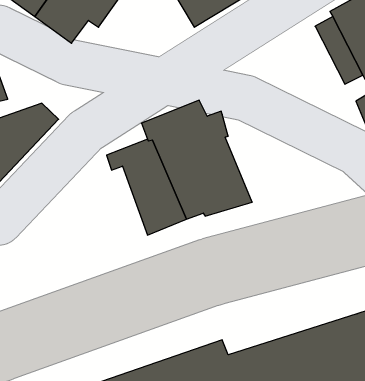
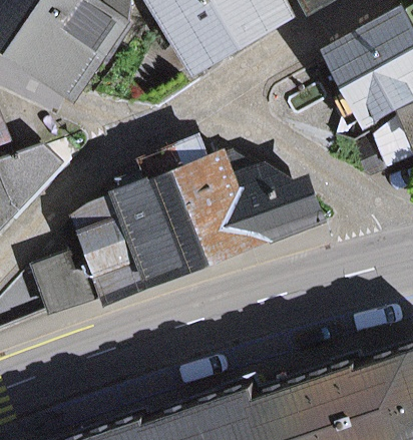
building: none -> [227,154,325,246]
building: none -> [39,198,151,311]

